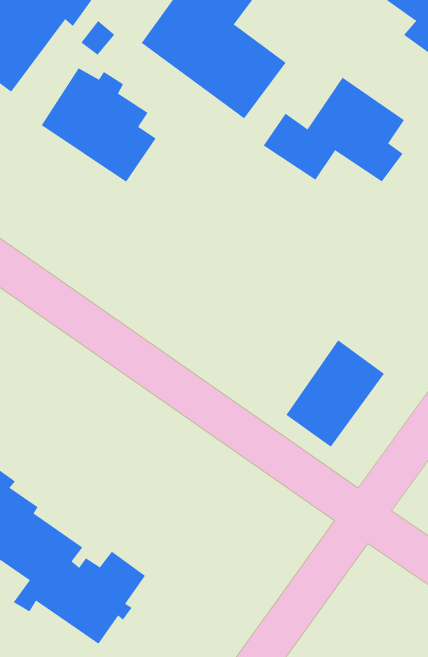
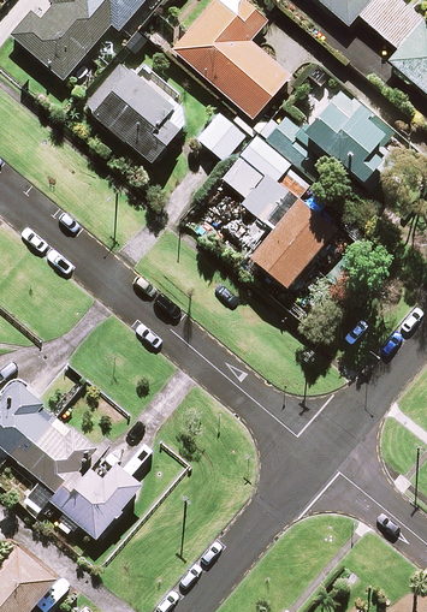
building: none -> [198,114,247,162]
building: none -> [223,137,290,216]
building: [286,340,385,447] -> [250,198,334,286]

